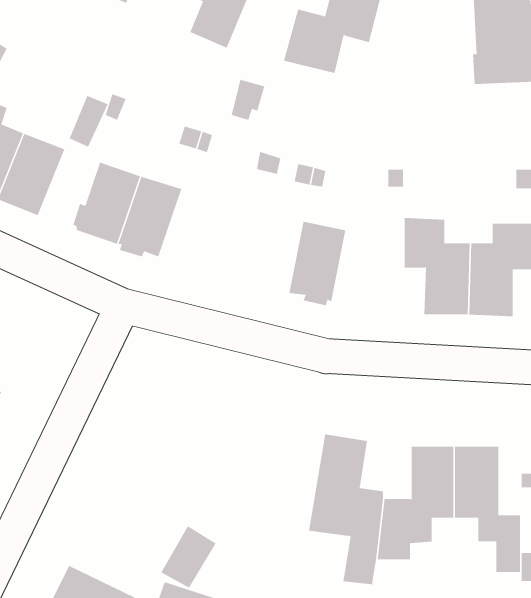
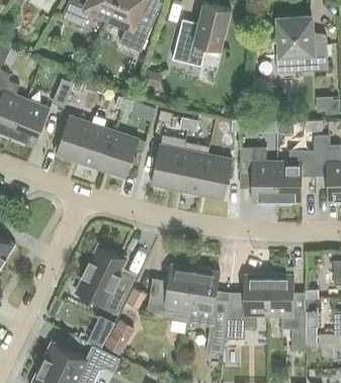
building: none -> [102,131,147,180]
building: none -> [151,145,183,191]
building: none -> [199,155,232,200]
building: none -> [76,245,133,311]
building: none -> [146,265,195,323]
building: none -> [86,315,114,349]

